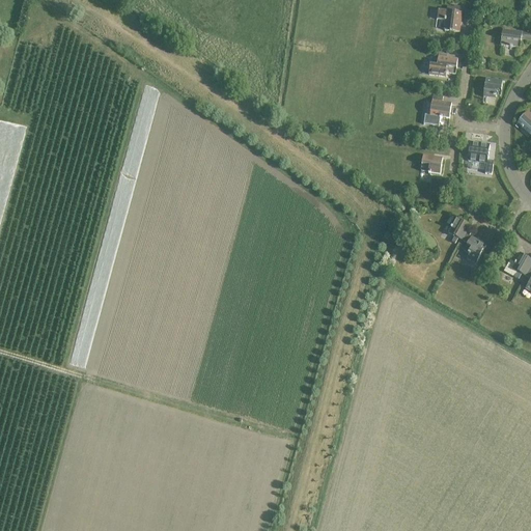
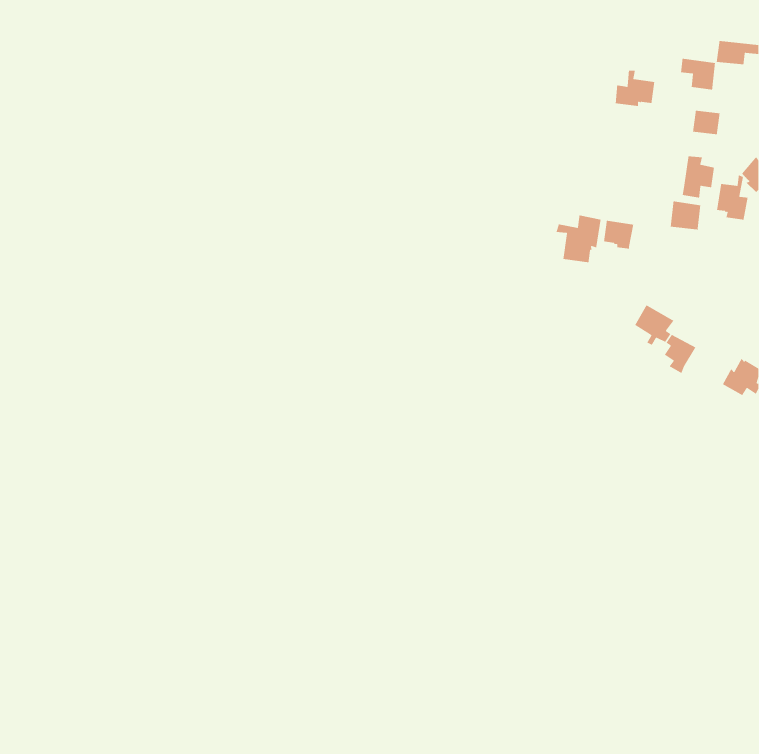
building: [437,7,462,30] -> [680,58,716,91]
building: [428,93,451,123] -> [682,155,715,198]
building: none -> [716,174,748,221]
building: none -> [556,214,602,263]

